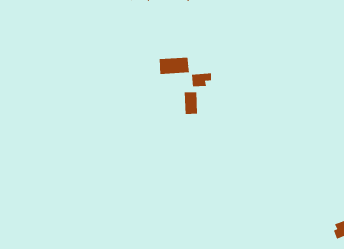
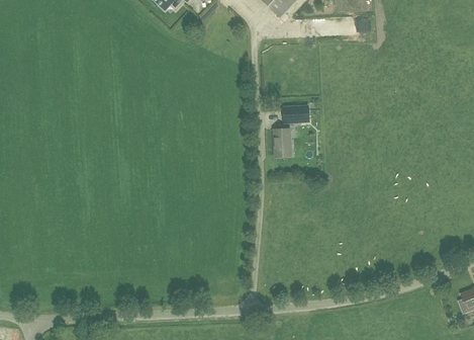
building: [159,57,189,75] -> none

